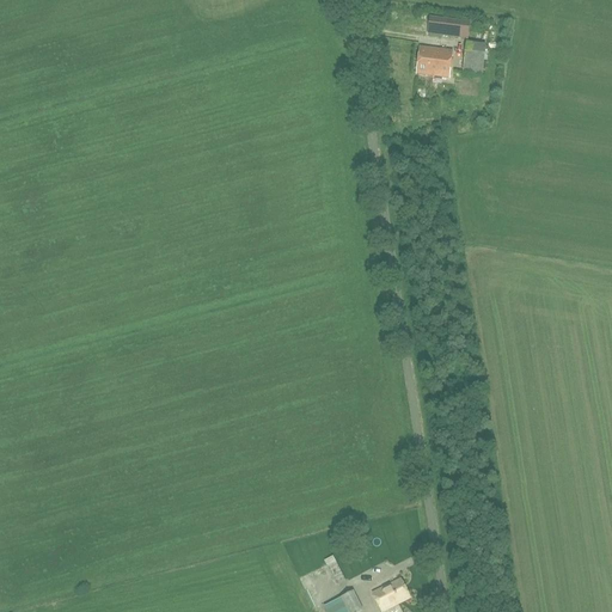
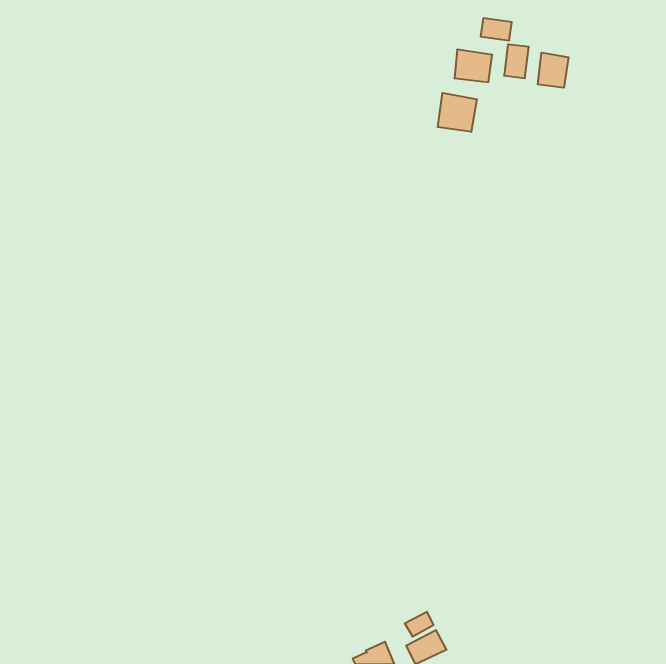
building: none -> [538,53,569,88]
building: none -> [438,93,477,132]

